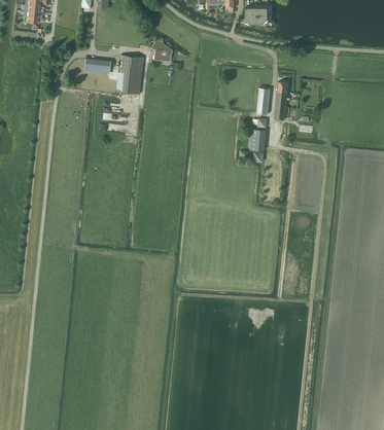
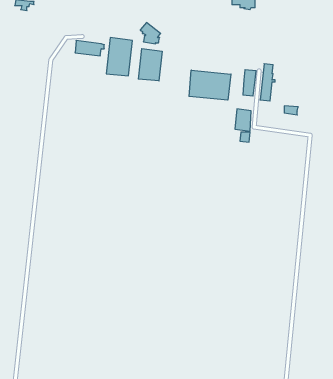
building: none -> [138,49,162,81]
building: none -> [189,70,231,100]

